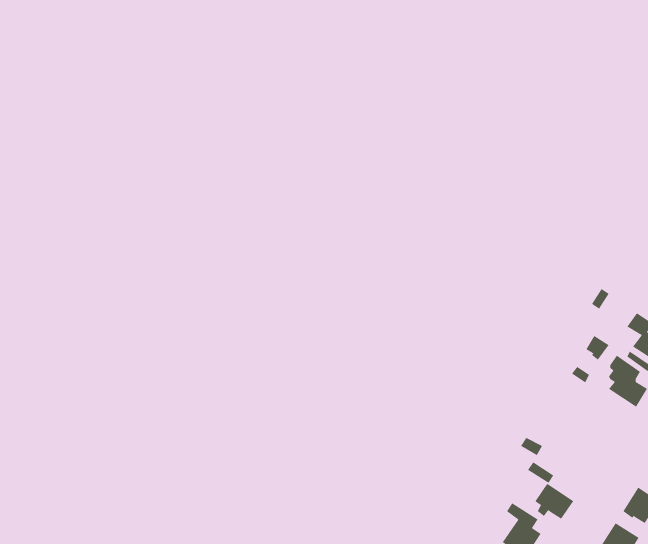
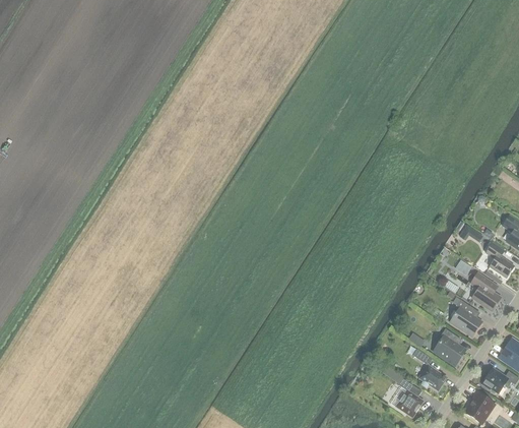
building: none -> [450,297,481,335]
building: none -> [434,328,465,365]

